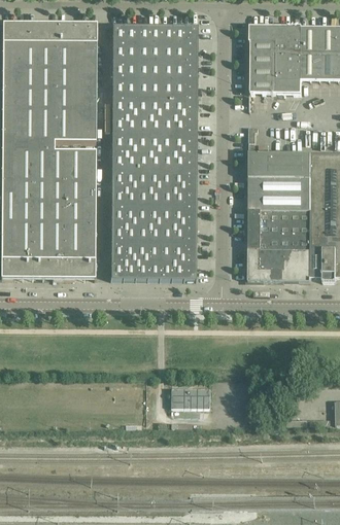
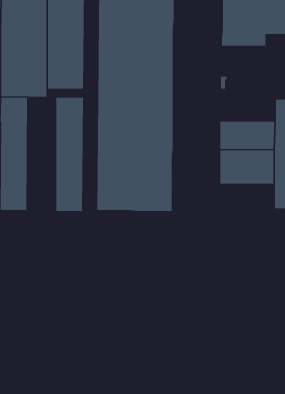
building: [32,150,64,279] -> none
building: [248,151,311,177] -> none
building: [248,248,310,280] -> none
building: [171,388,209,407] -> none

